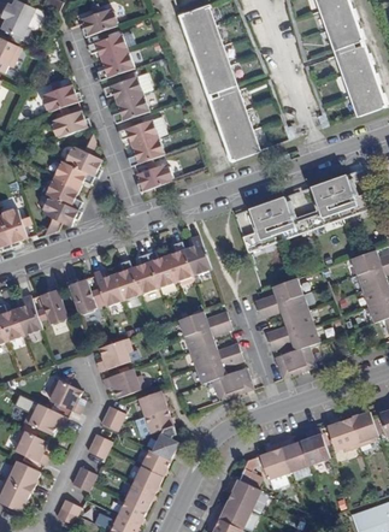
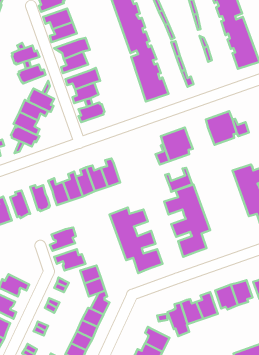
building: [287,199,324,232] -> [165,168,192,192]
building: [184,235,210,274] -> none
building: [49,377,82,414] -> none

